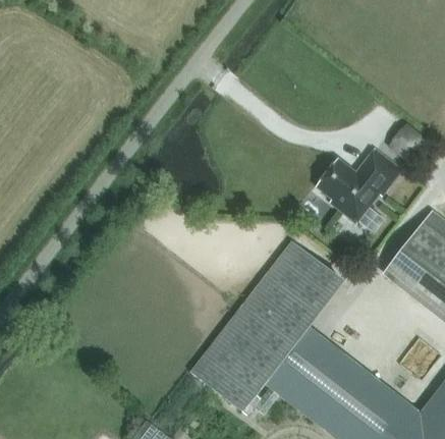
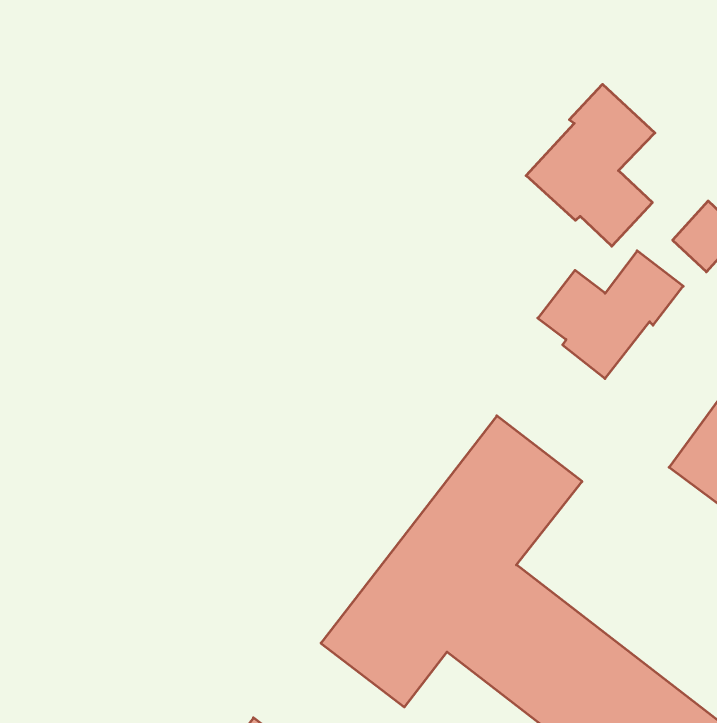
building: none -> [526,84,655,246]

